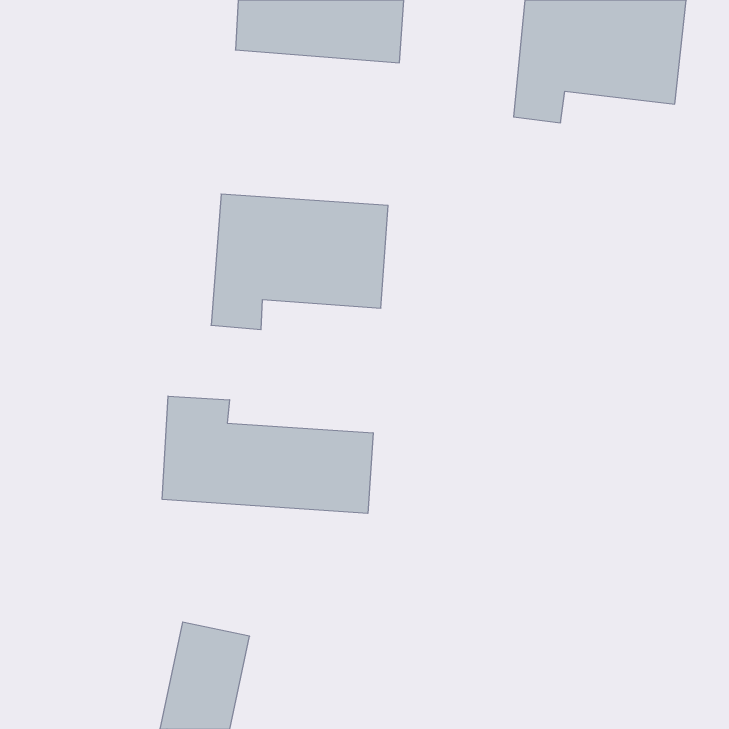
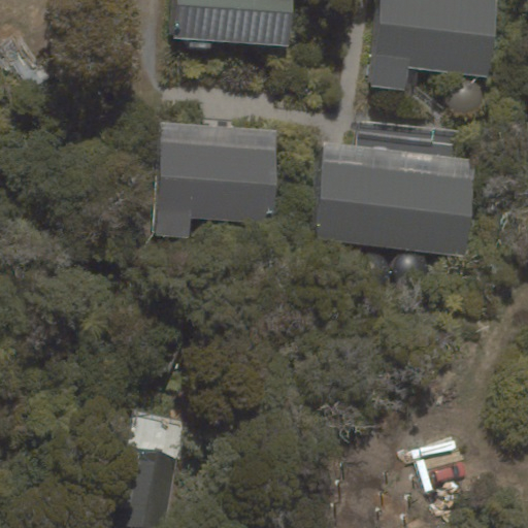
building: none -> [316,160,475,254]
building: [162,396,373,513] -> none

